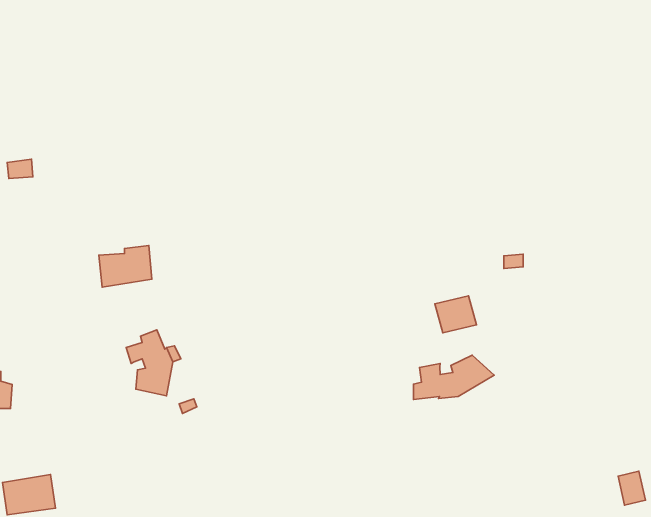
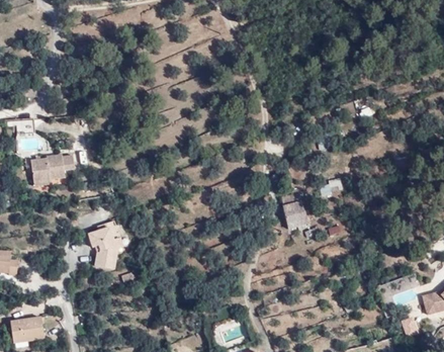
building: [99,245,152,287] -> [29,153,63,179]
building: [413,355,494,399] -> none

